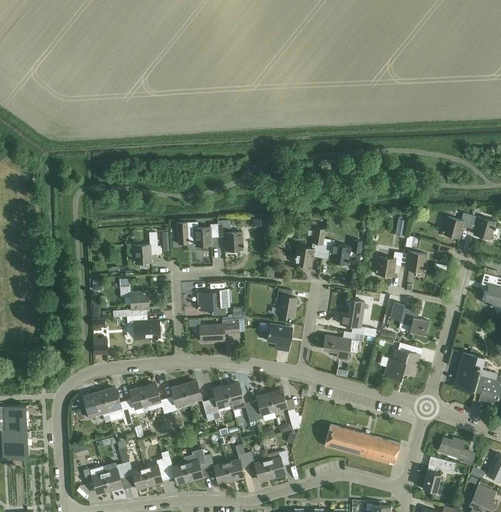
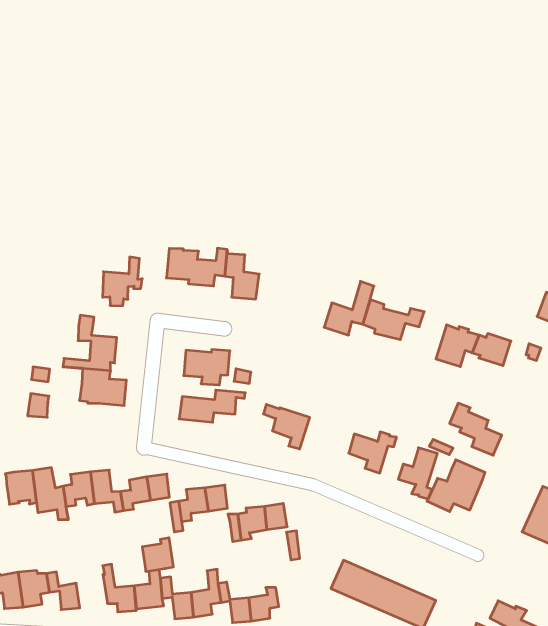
building: [276,288,297,318] -> none
building: [339,299,364,334] -> [398,448,437,499]
building: [144,458,168,484] -> [142,538,173,571]

